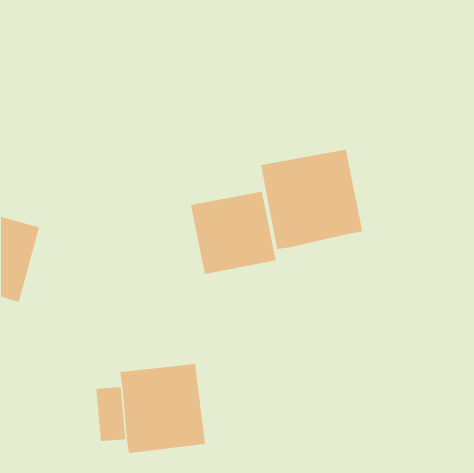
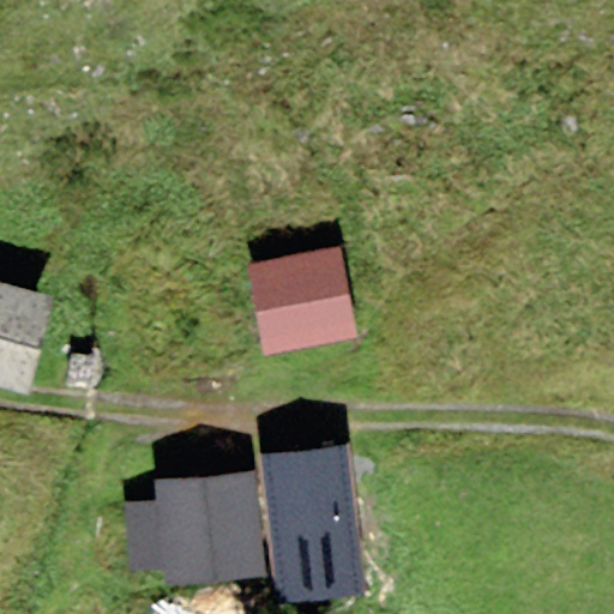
building: [261,149,363,250] -> none
building: none -> [265,443,363,600]

